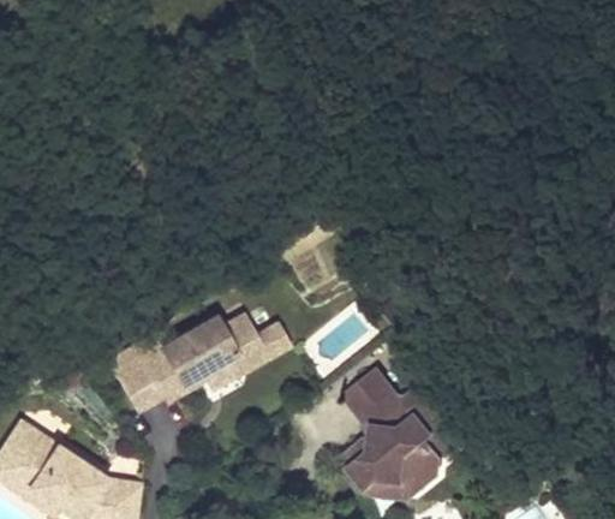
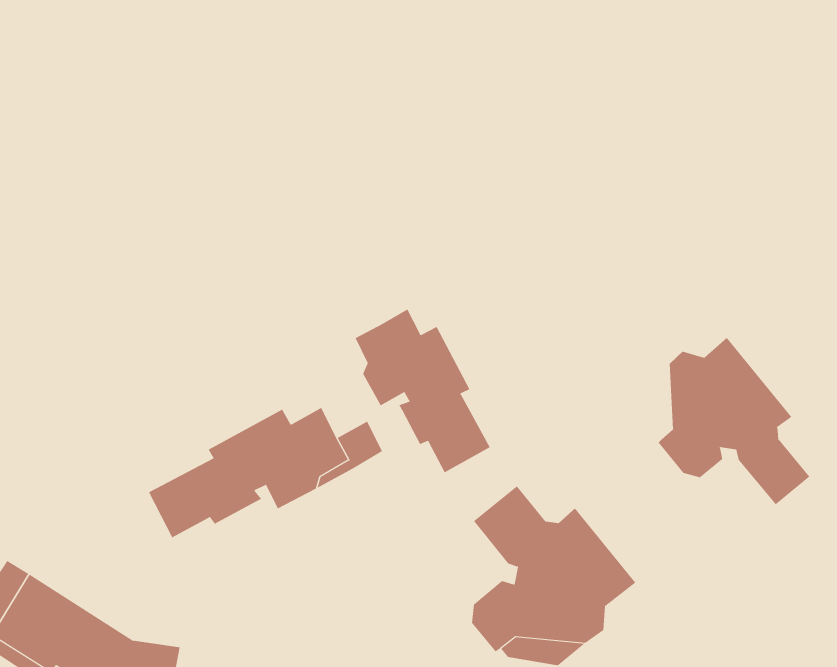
building: none -> [355,308,491,473]
building: none -> [658,337,810,505]

